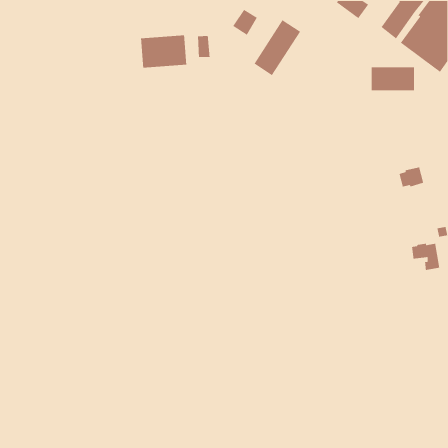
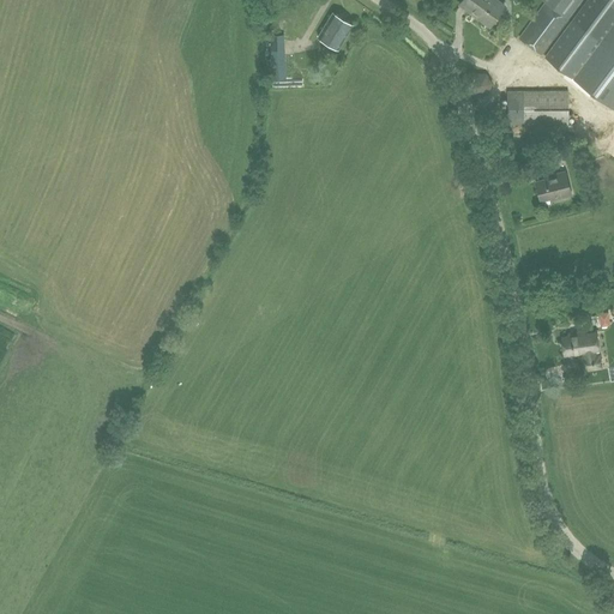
building: [253,19,301,76] -> none
building: [140,34,187,69] -> none
building: [399,166,424,187] -> [536,171,571,200]

